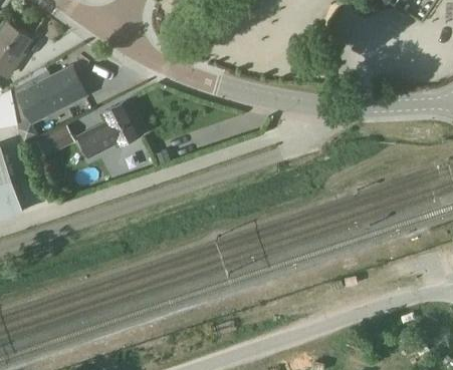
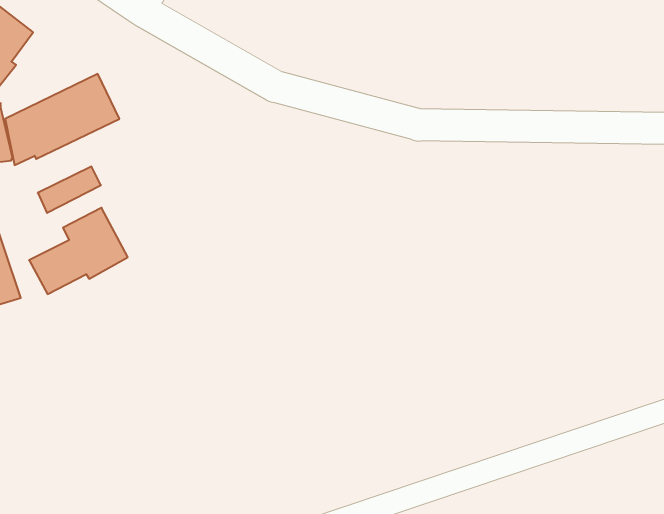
building: [79,100,144,156] -> [29,208,128,294]

